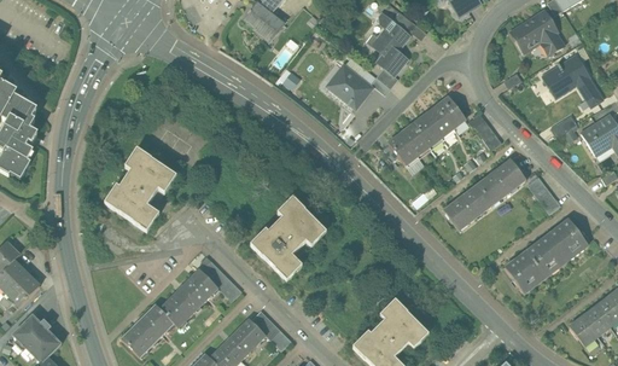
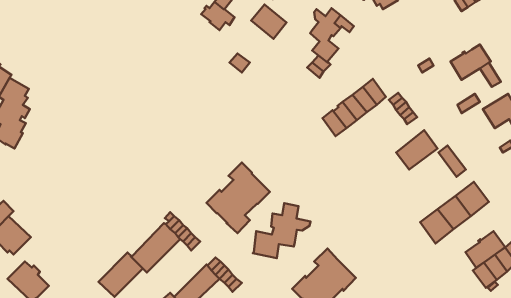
building: [511,10,564,54] -> none
building: [328,65,371,106] -> [251,4,287,39]
building: [104,147,176,231] -> none
building: [443,184,492,230] -> none
building: none -> [253,203,311,258]
building: none -> [465,231,505,268]

